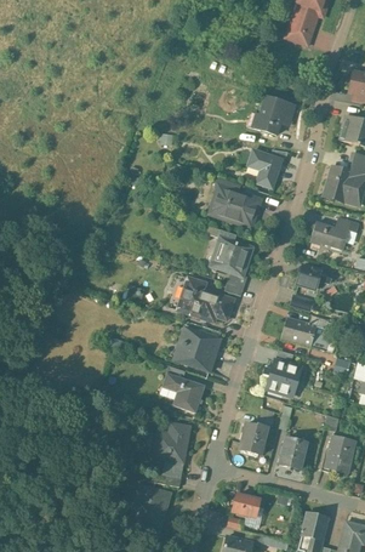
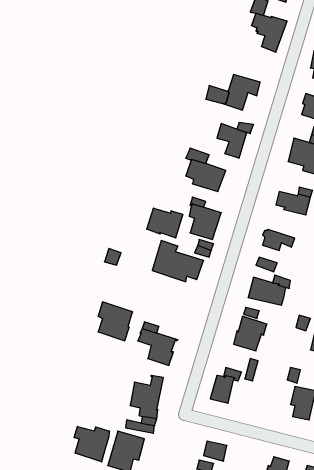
building: none -> [147,208,183,238]
building: [182,329,219,371] -> [98,302,133,341]
building: [279,437,307,468] -> none
building: none -> [74,426,110,462]

